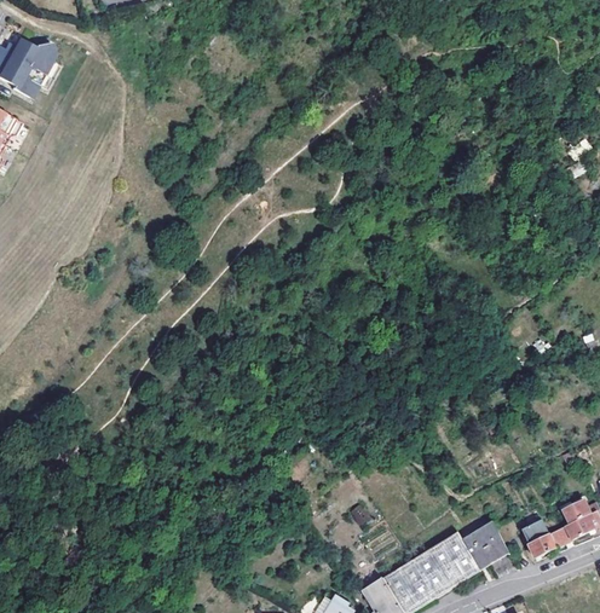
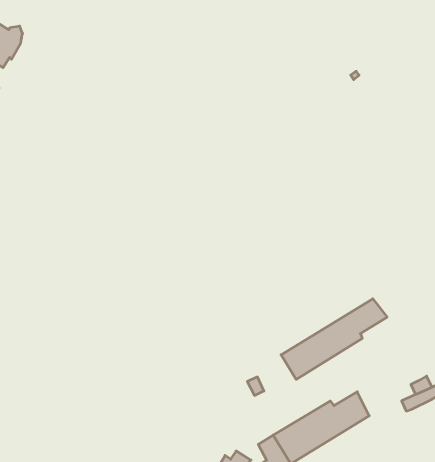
building: none -> [281,299,387,379]
building: [521,519,556,557] -> none

